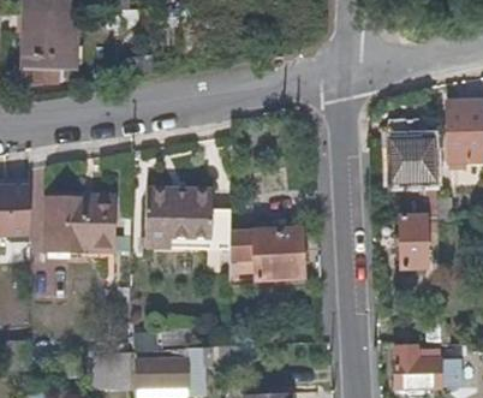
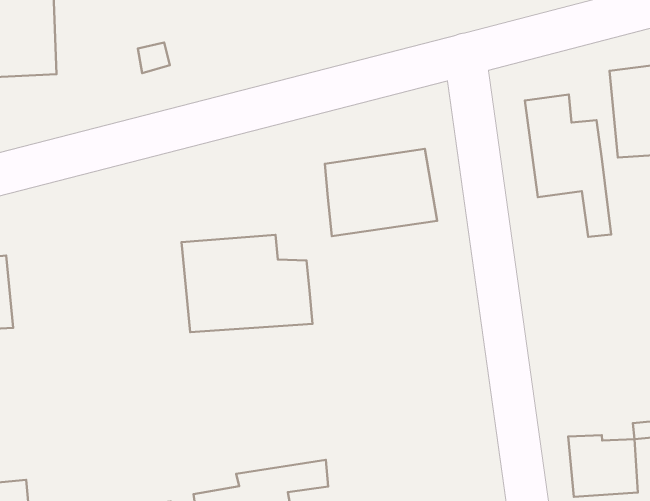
building: [46,196,115,251] -> none
building: [400,214,425,267] -> none
building: [231,226,303,279] -> [325,149,437,236]

